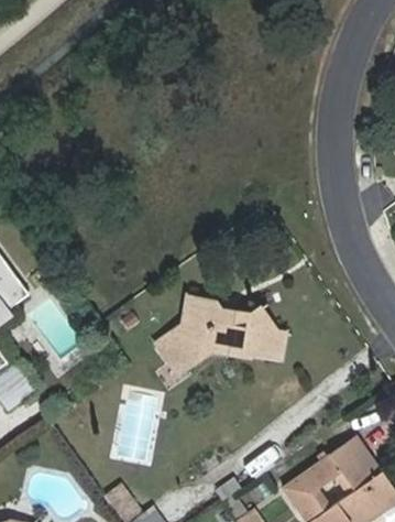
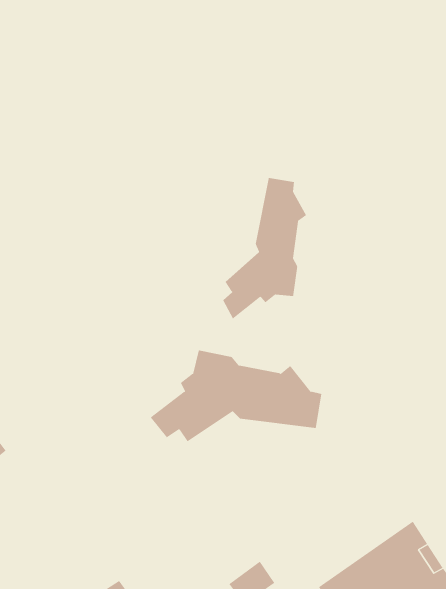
building: none -> [222,177,307,319]

